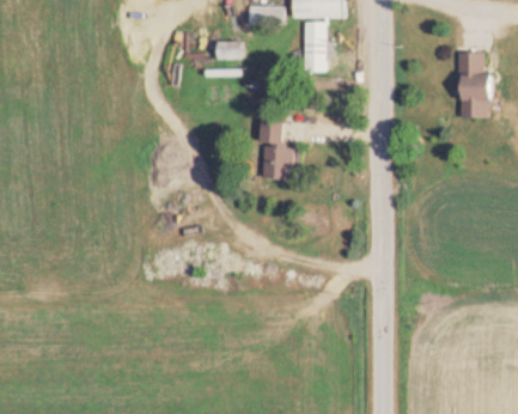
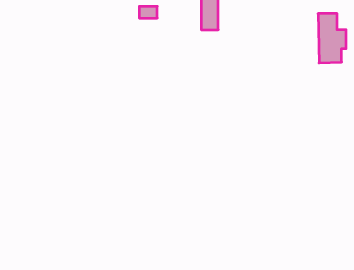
building: [262,123,293,179] -> none

